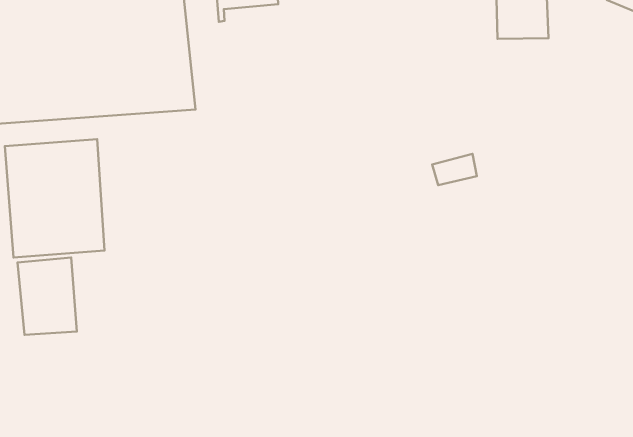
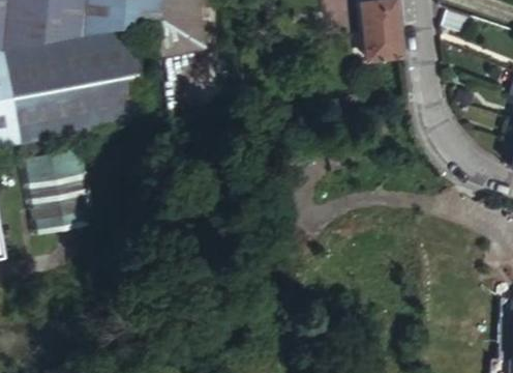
building: [18,257,77,335] -> none

